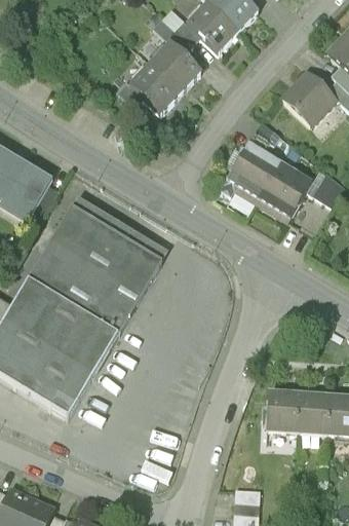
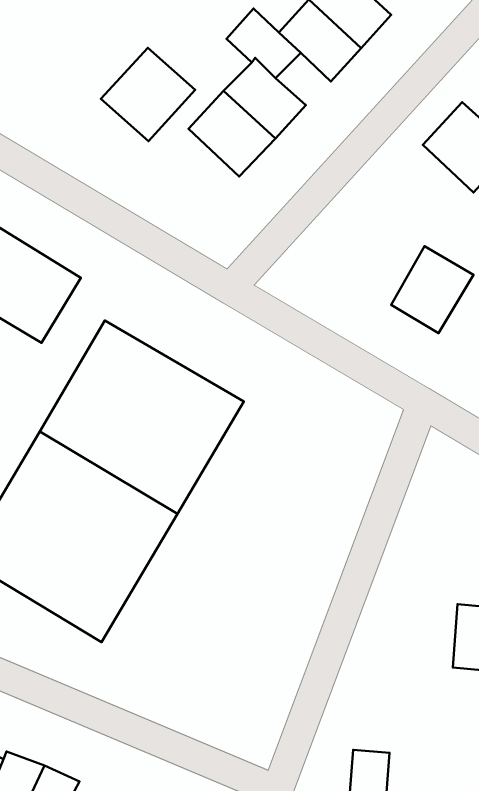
building: none -> [101,48,195,141]
building: [226,119,289,198] -> none
building: [266,390,302,434] -> none

